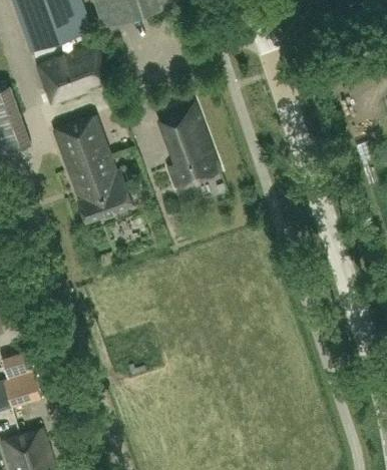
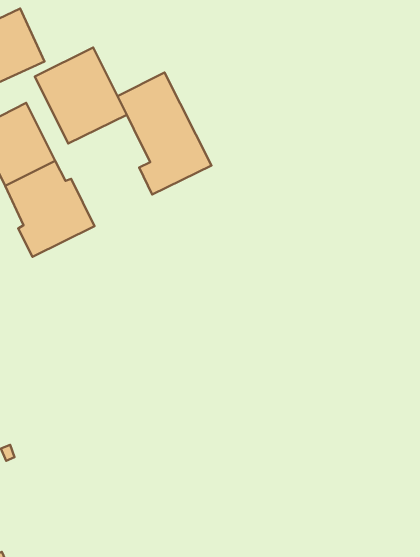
building: none -> [35,48,127,144]

